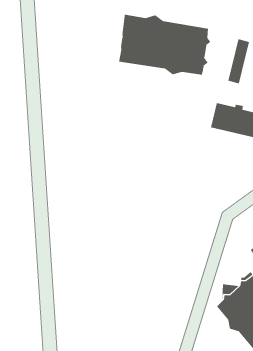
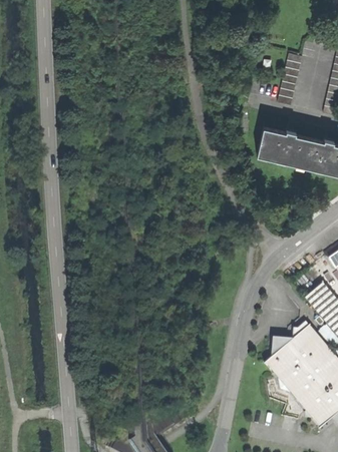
building: [119,14,211,75] -> none

